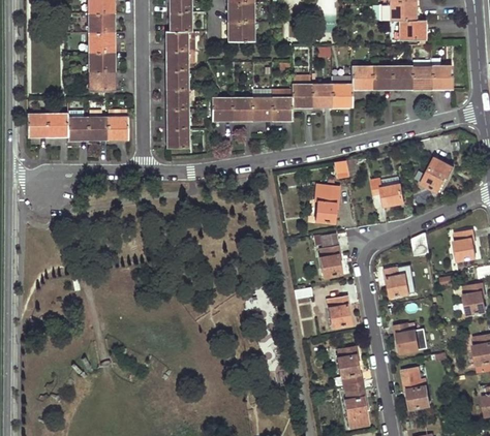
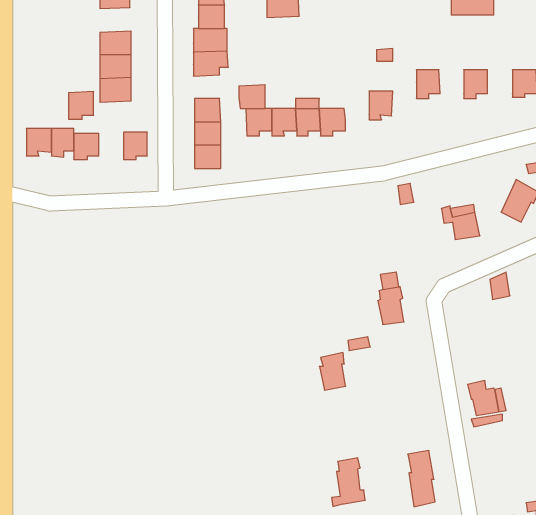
building: [89,14,115,35] -> none
building: [399,21,425,41] -> none
building: [227,22,254,42] -> none
building: [370,66,391,90] -> none
building: [410,66,431,89] -> none
building: [166,70,188,90] -> [239,85,265,108]
building: [292,75,312,107] -> none
building: [331,76,351,107] -> none
building: [88,118,109,141] -> [69,92,94,119]
building: [316,185,340,222] -> none
building: [385,267,409,297] -> none
building: [328,295,349,326] -> [319,353,346,390]
building: [334,346,362,386] -> [332,458,365,506]
building: [402,368,431,409] -> none

